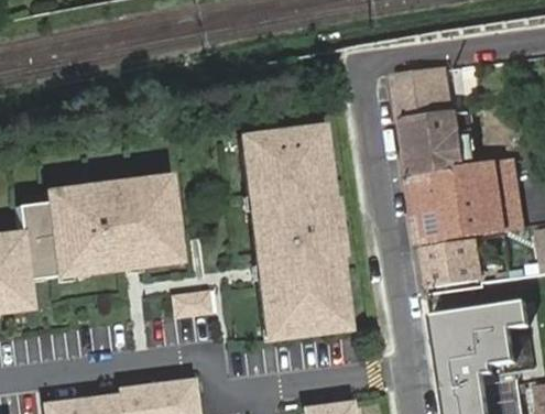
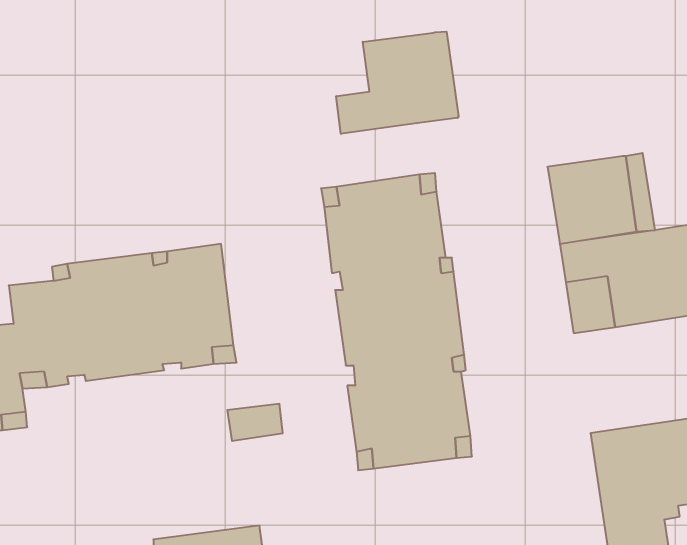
building: none -> [336,32,458,134]
building: [393,68,455,121] -> none
building: [421,236,478,285] -> none

